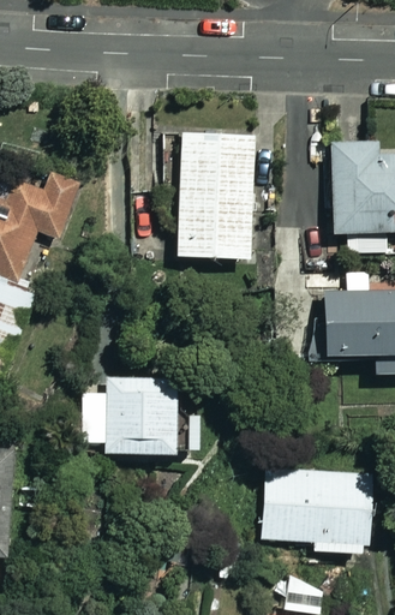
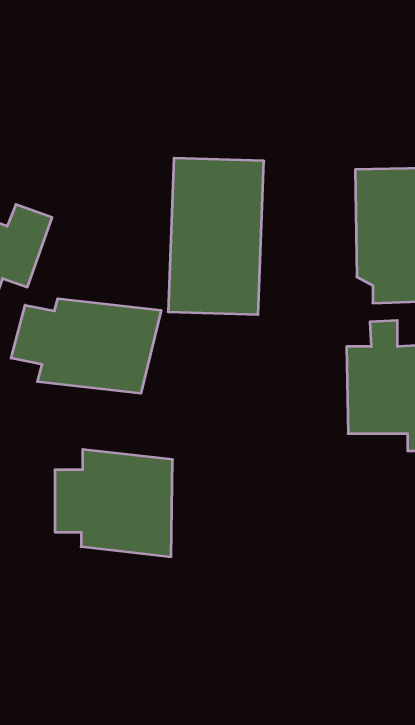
building: none -> [11,299,161,393]
building: [259,465,375,556] -> none

